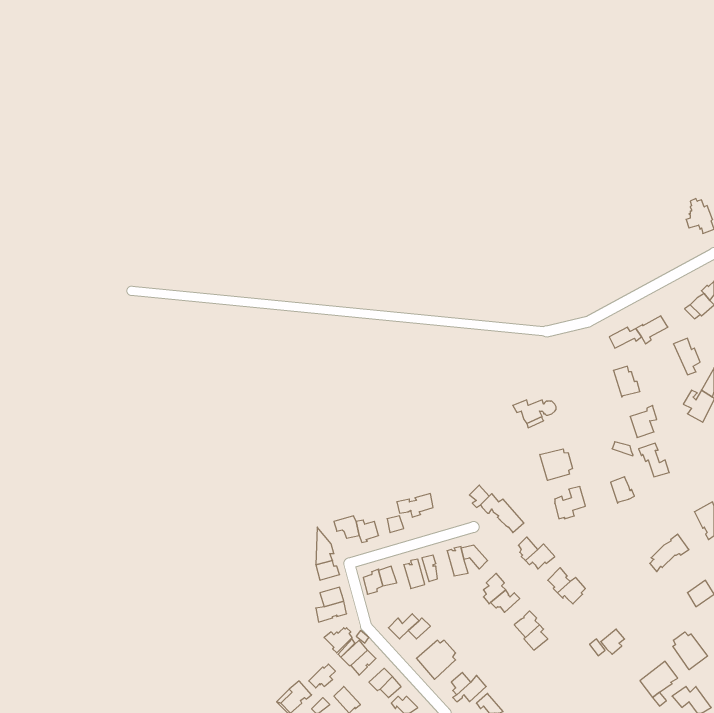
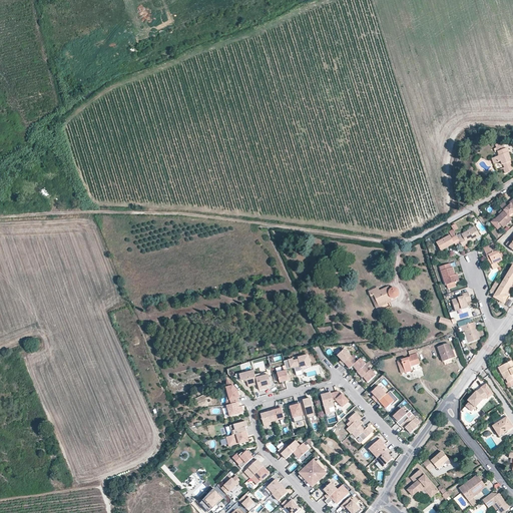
building: [540,449,572,480] -> none
building: [673,632,708,670] -> none
building: none -> [408,469,439,497]

